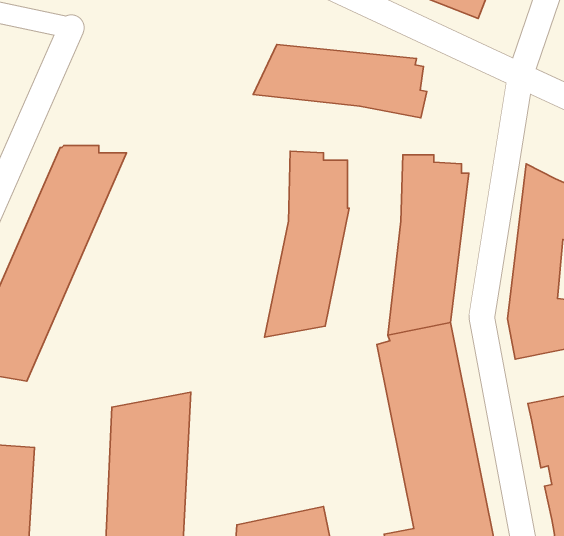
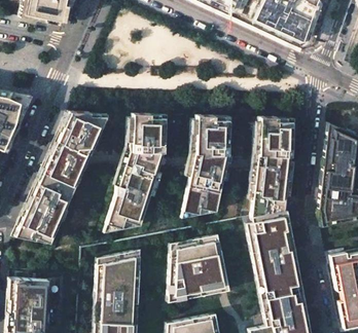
building: [253,45,427,118] -> none
building: none -> [104,112,165,233]
building: none -> [168,233,229,302]

